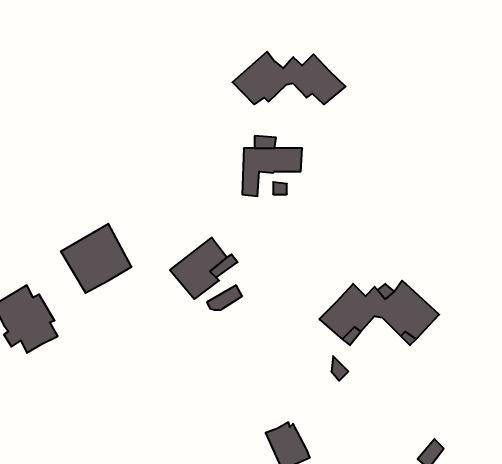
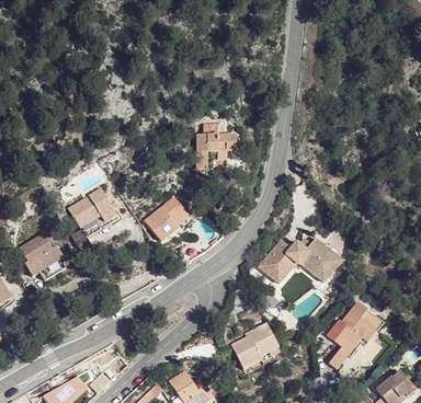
building: [232,52,346,104] -> none
building: none -> [327,300,374,346]
building: none -> [239,321,268,355]

